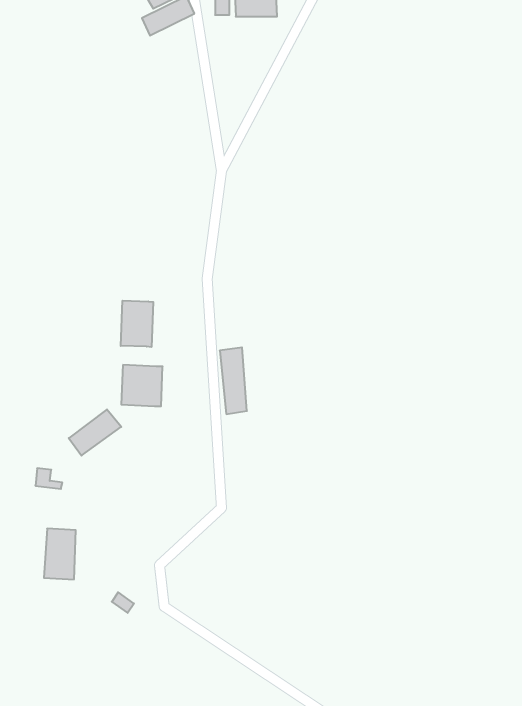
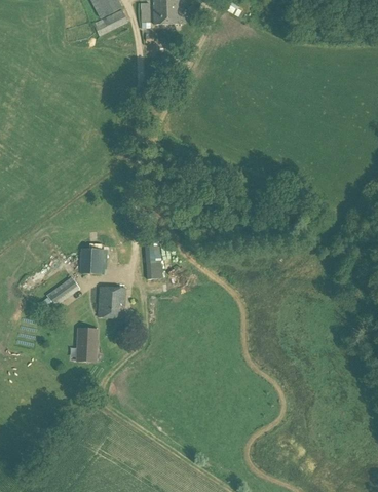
building: [121,301,153,347] -> none
building: none -> [98,285,125,317]
building: [44,529,76,579] -> [76,327,97,359]

